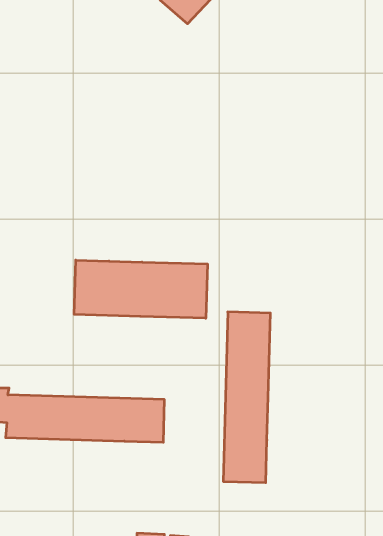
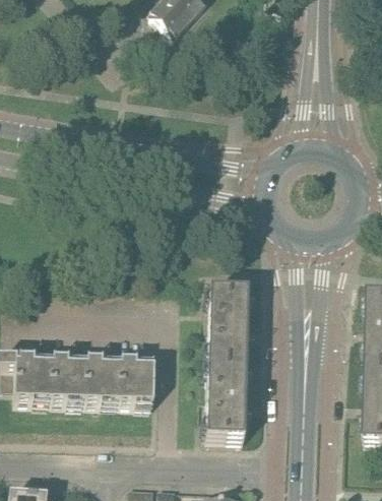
building: [74,260,207,318] -> none

